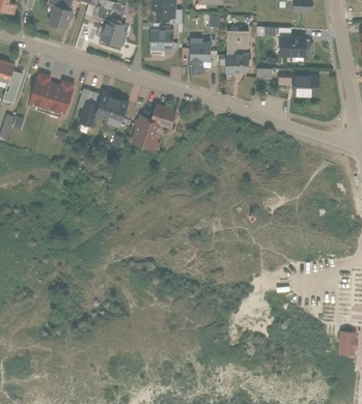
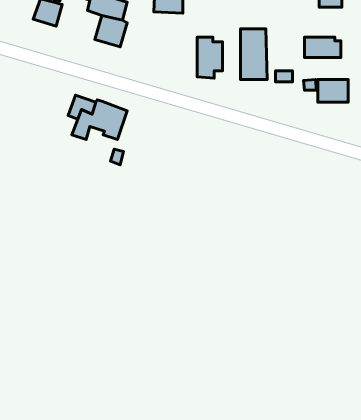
building: [150,29,174,50] -> none
building: [29,73,74,114] -> none
building: [131,107,175,151] -> none

